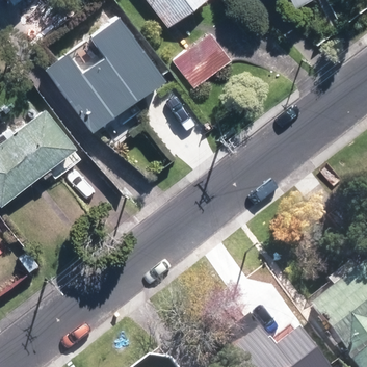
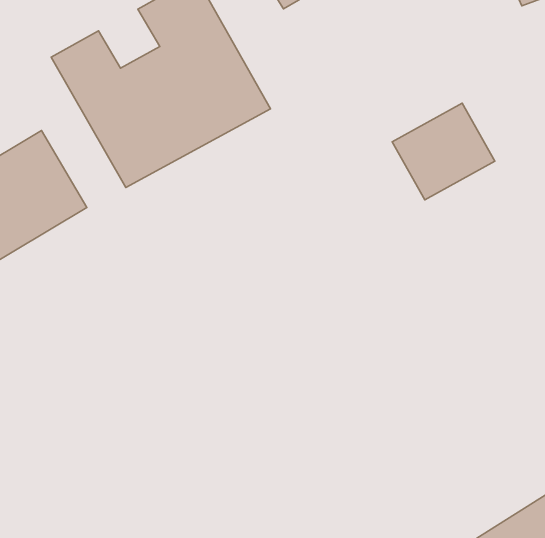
building: [176,31,233,86] -> [392,103,495,200]

